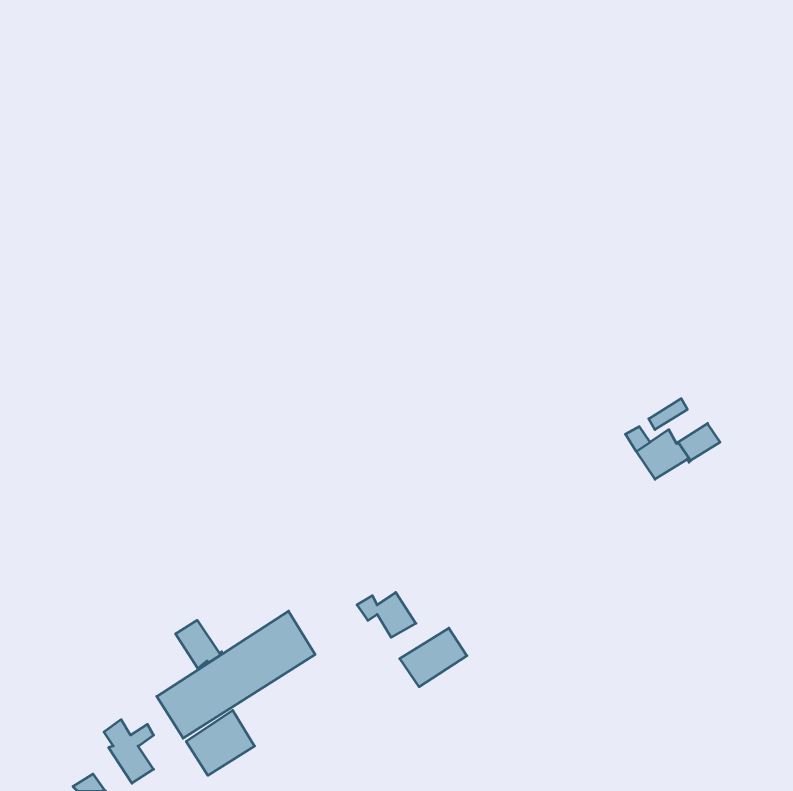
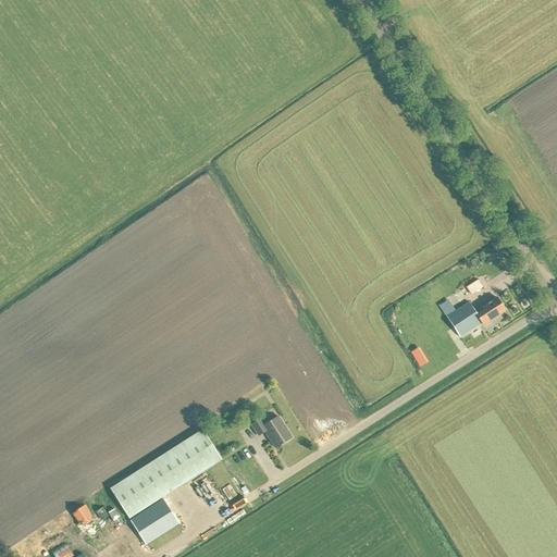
building: [176,620,222,669] -> none
building: [400,628,467,687] -> none

